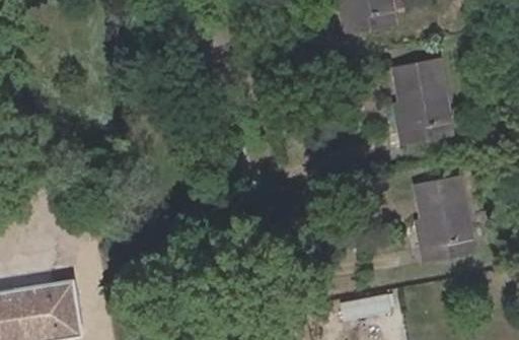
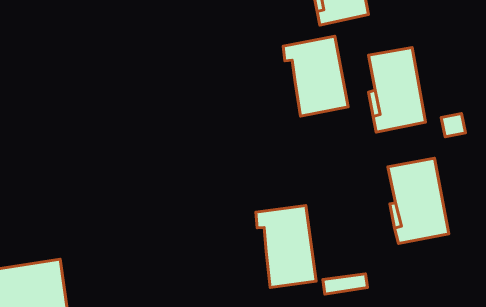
building: none -> [283,36,348,116]
building: none -> [256,205,316,288]

